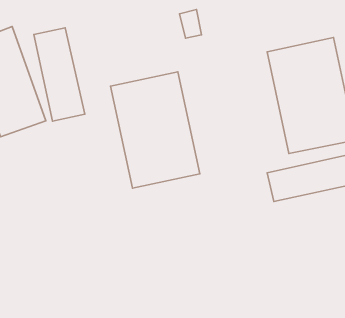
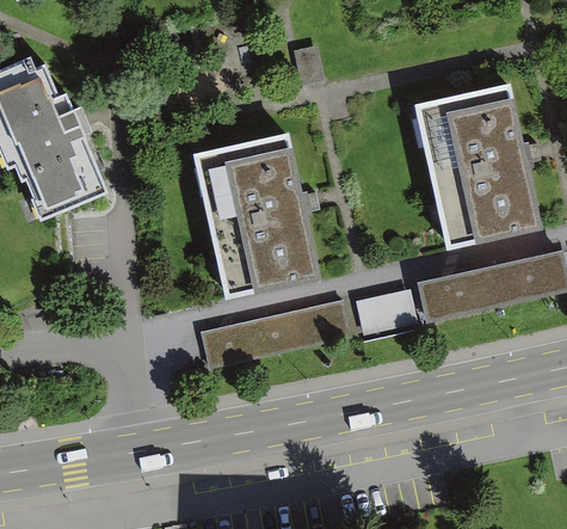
building: [34,28,85,121] -> none
building: none -> [353,289,415,336]
building: none -> [199,299,350,369]

